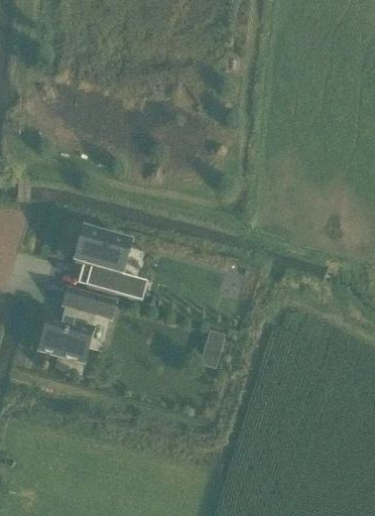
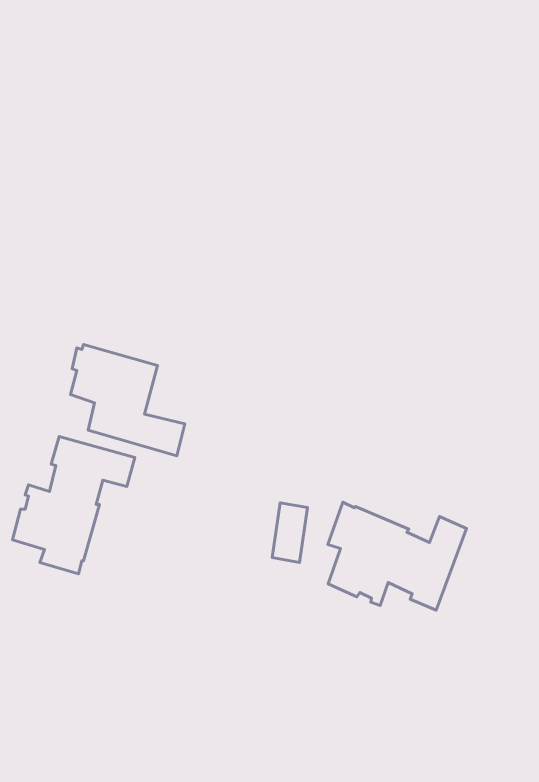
building: none -> [328,502,467,610]

